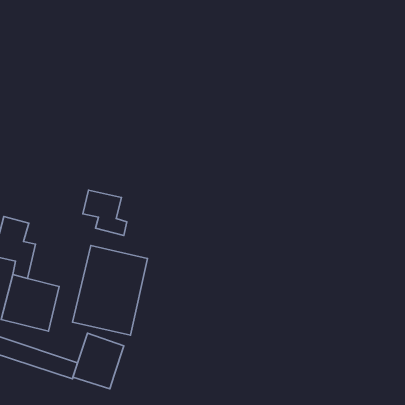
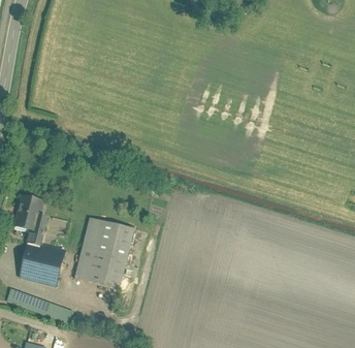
building: [83,190,127,236] -> none
building: [73,333,124,389] -> none

